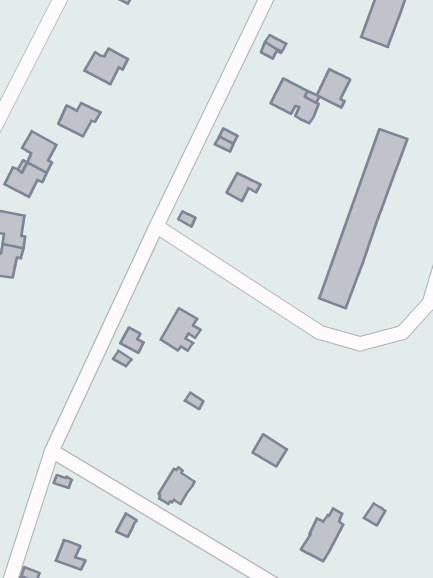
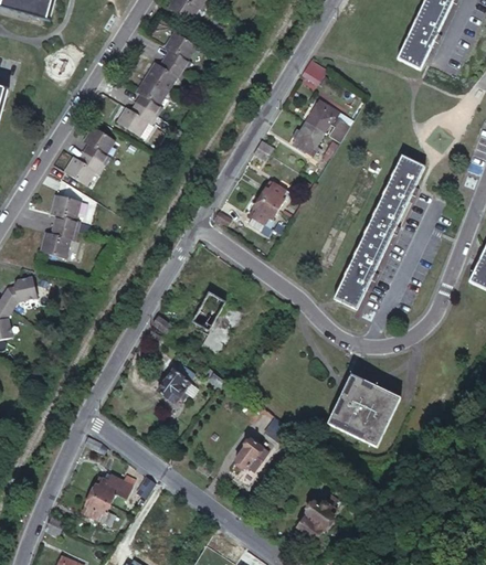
building: none -> [165,30,197,70]
building: [317,69,350,108] -> [295,120,326,156]
building: none -> [136,76,167,115]
building: none -> [250,196,276,230]
building: none -> [326,373,400,446]
building: none -> [157,367,191,402]
building: [159,467,195,504] -> [233,437,266,470]
building: none -> [88,472,130,500]

